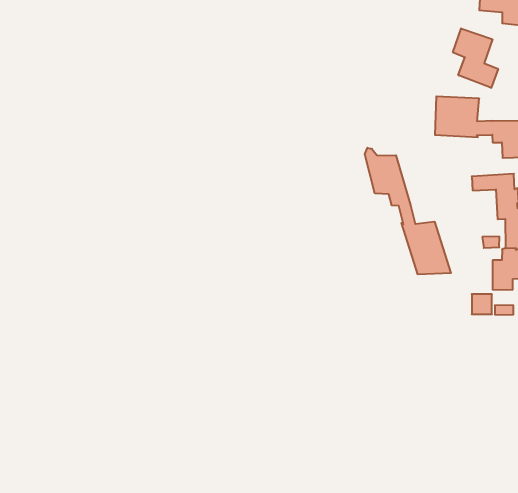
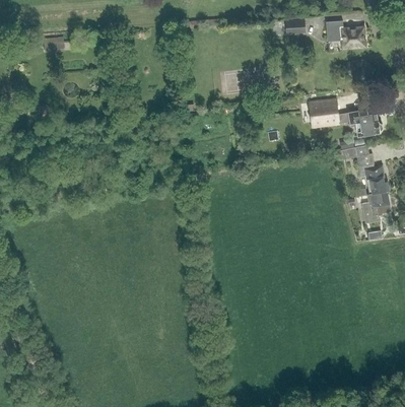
building: [453,28,498,88] -> none
building: [365,148,451,274] -> none

